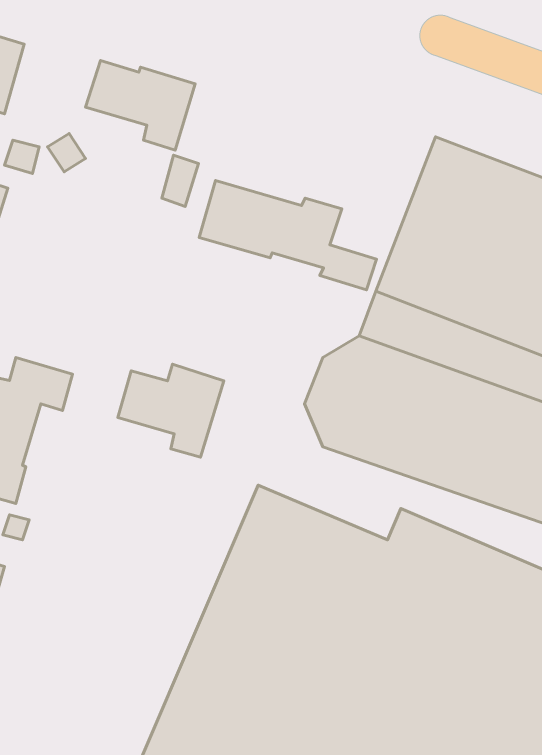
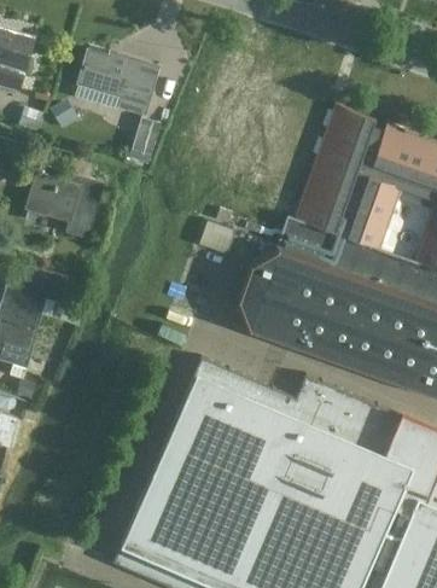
building: [199,181,377,290] -> none
building: [118,364,224,457] -> [27,173,104,240]

